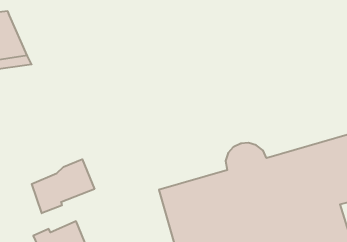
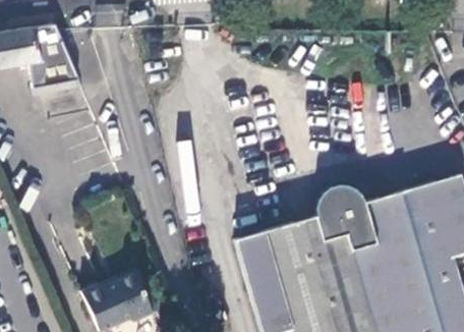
building: [32,159,94,213] -> none

